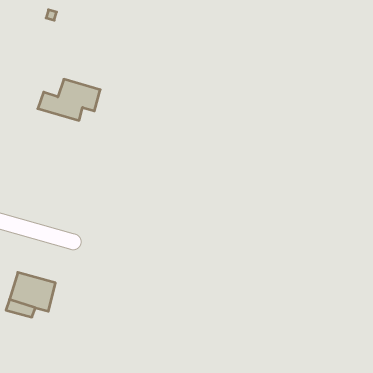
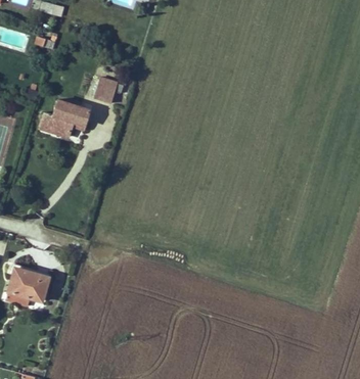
building: none -> [95,77,120,101]

